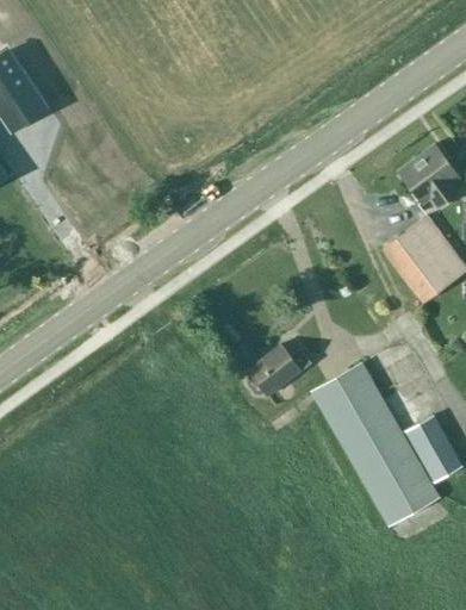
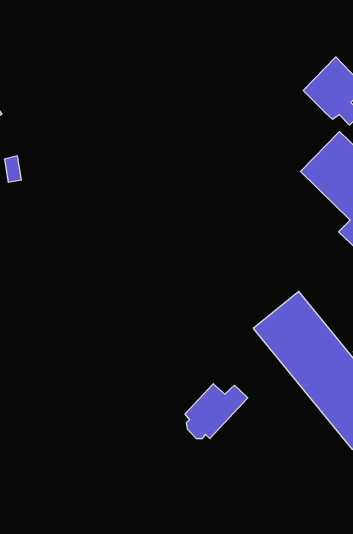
building: [248,343,311,396] -> [185,384,248,439]

